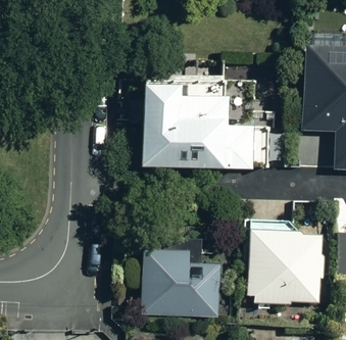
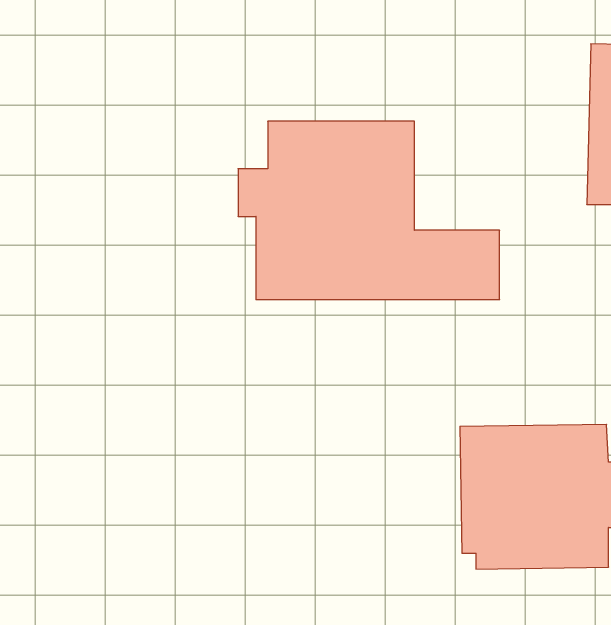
building: [141,247,221,315] -> none

